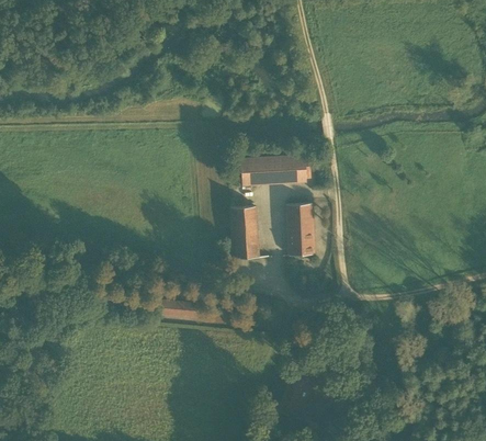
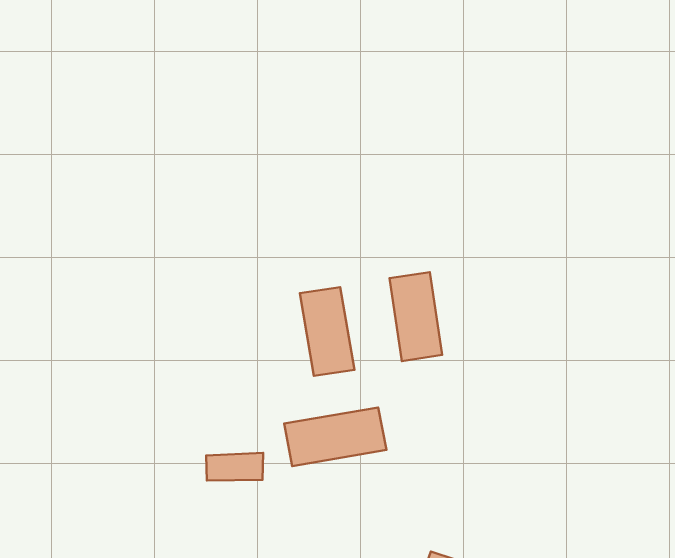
building: [244,155,309,186] -> none
building: none -> [284,407,387,466]

